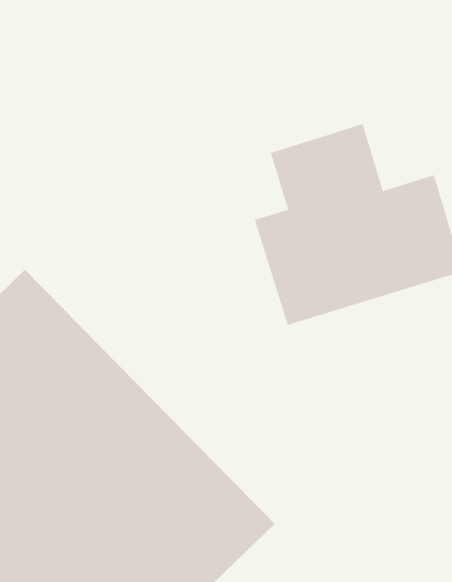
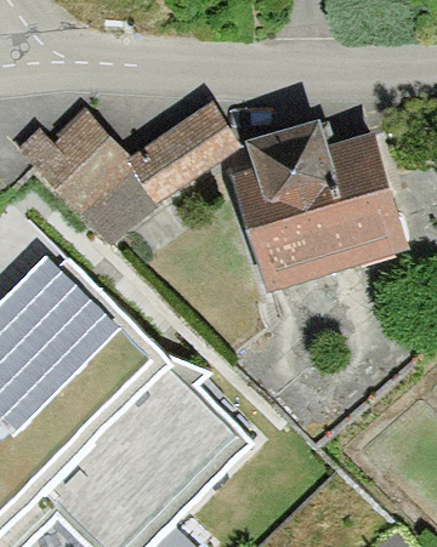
building: none -> [30,107,243,250]

